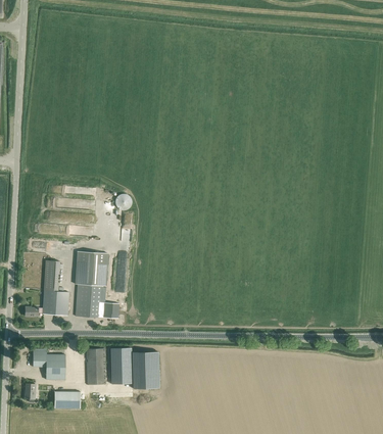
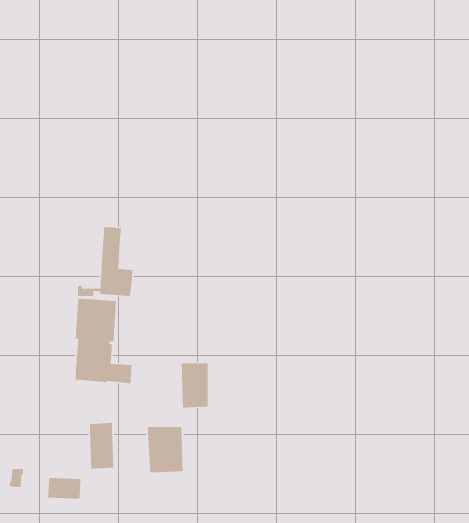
building: [25,259,68,315] -> [77,226,133,297]
building: [109,347,131,383] -> [181,363,208,408]
building: [32,349,64,379] -> none

